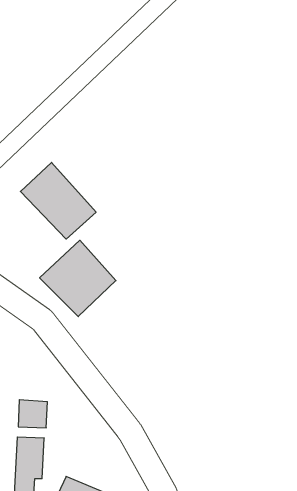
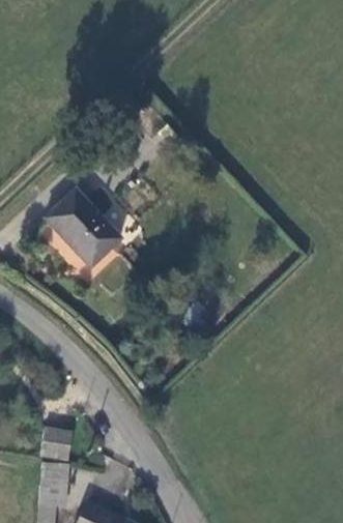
building: [40,240,116,317] -> none

